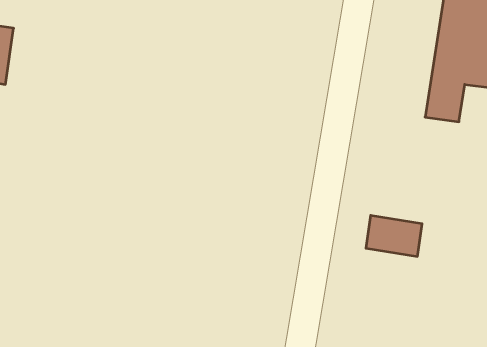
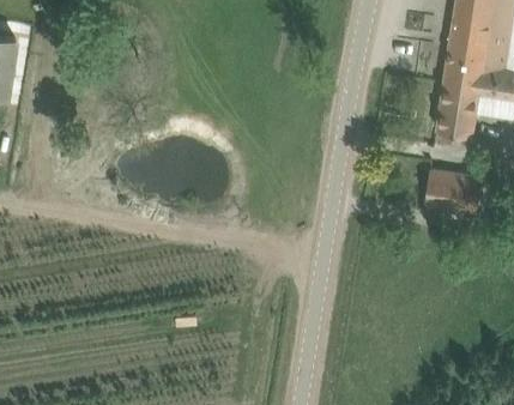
building: [366,215,422,256] -> [425,170,483,212]

